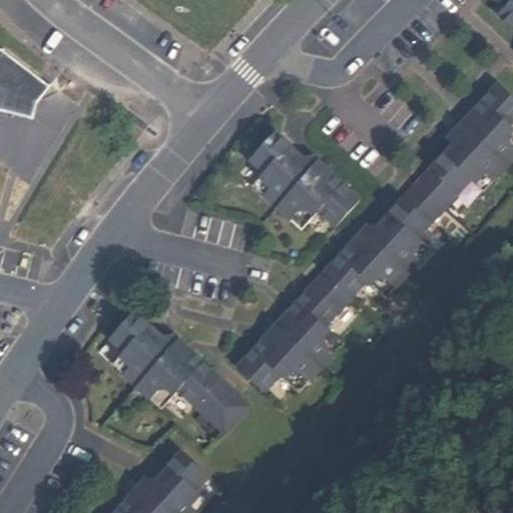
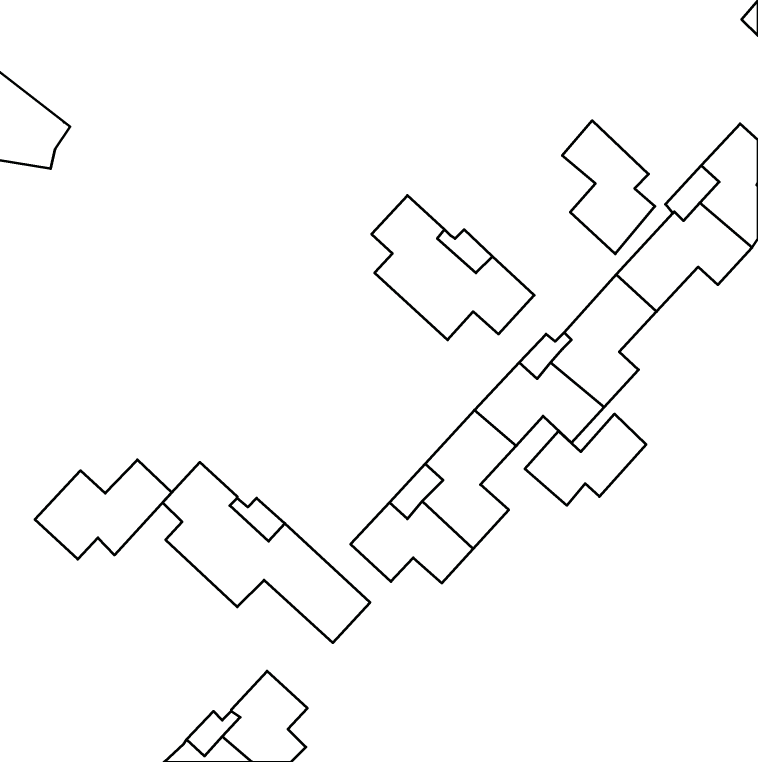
building: none -> [562,121,655,254]
building: none -> [525,414,646,505]
building: none -> [35,460,172,559]

